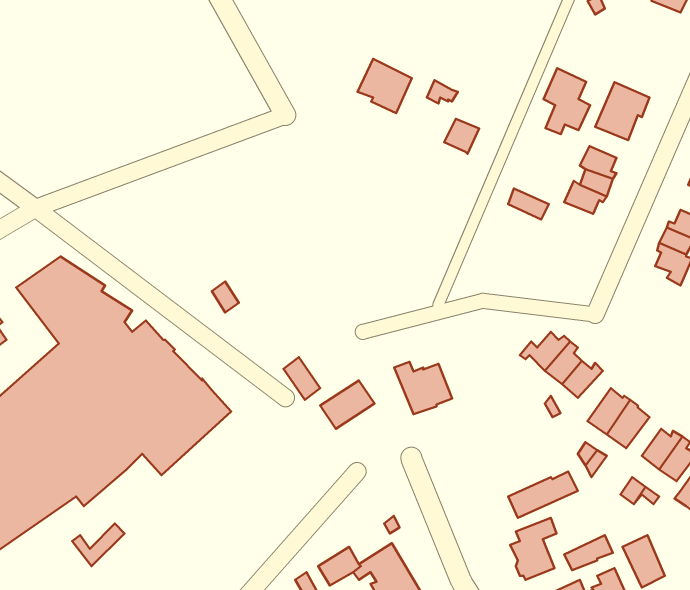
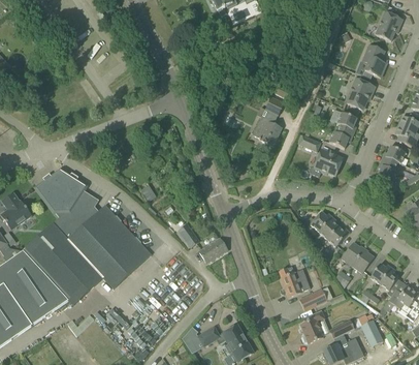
building: [358,59,412,113] -> [252,117,281,146]
building: [544,68,590,134] -> [361,43,386,79]
building: none -> [309,149,343,177]
building: [394,362,452,414] -> [279,268,310,296]

